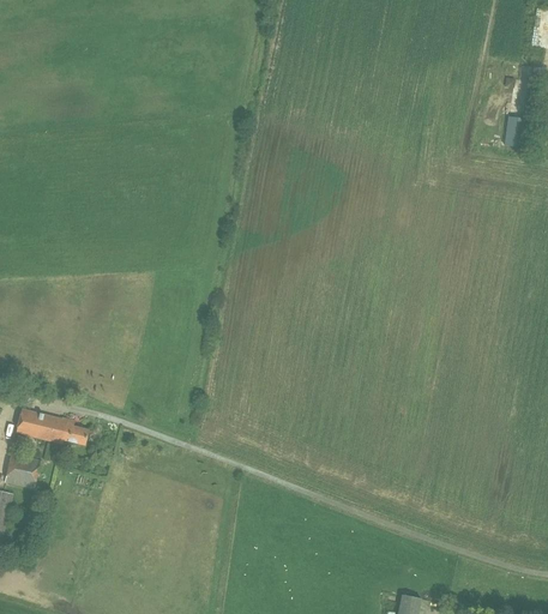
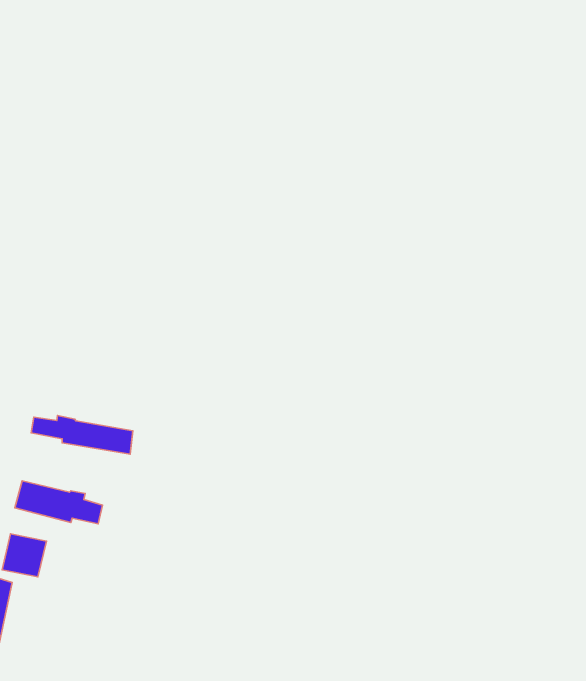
building: none -> [31,415,133,454]

